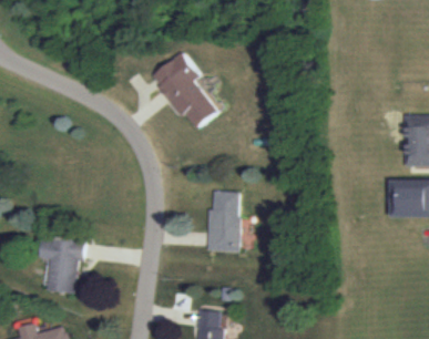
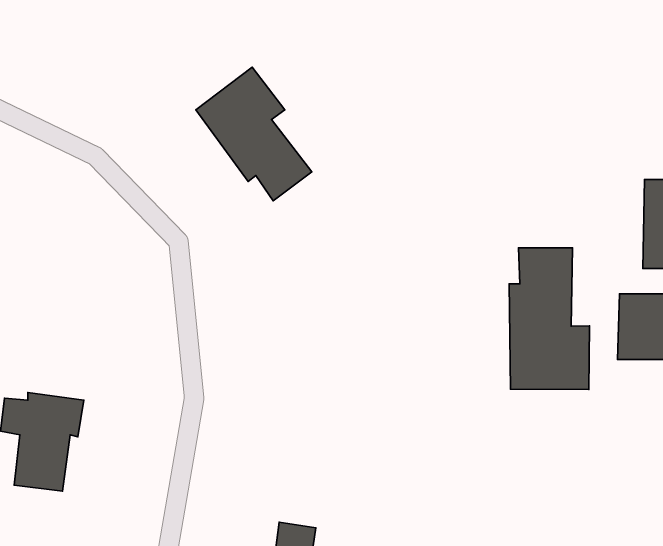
building: none -> [509,248,590,390]
building: [204,191,241,254] -> none

